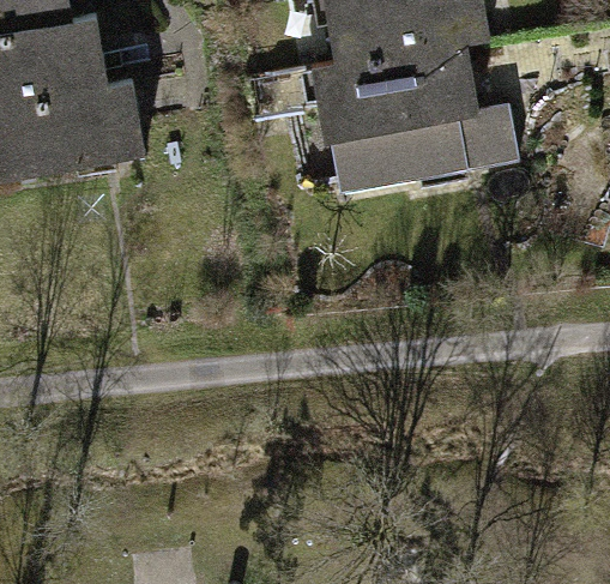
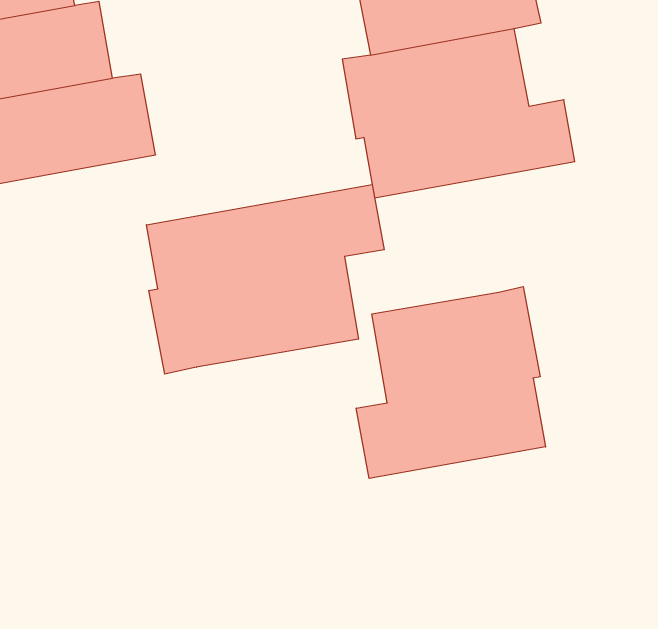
building: none -> [146,185,384,374]
building: none -> [356,287,546,478]

